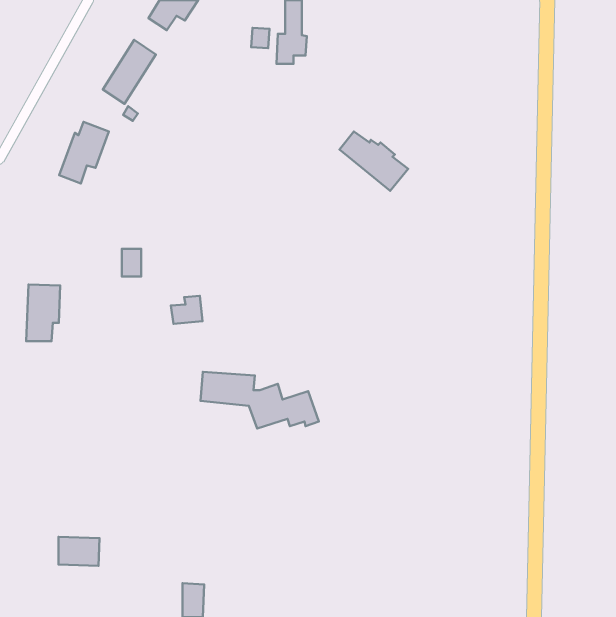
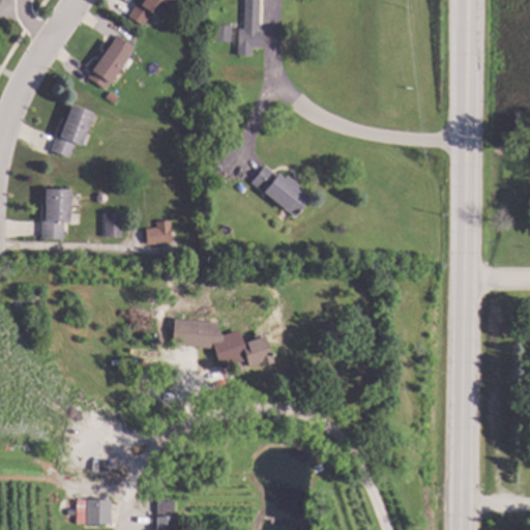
building: [339,132,408,191] -> [252,166,311,216]
building: [26,284,60,341] -> [41,189,70,238]
building: [171,296,202,324] -> [145,220,172,244]
building: [59,537,100,566] -> [76,499,111,524]

